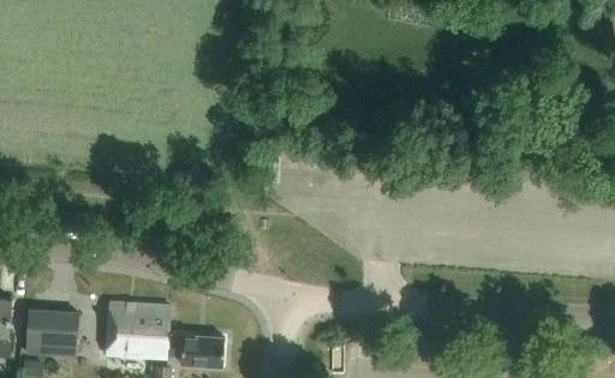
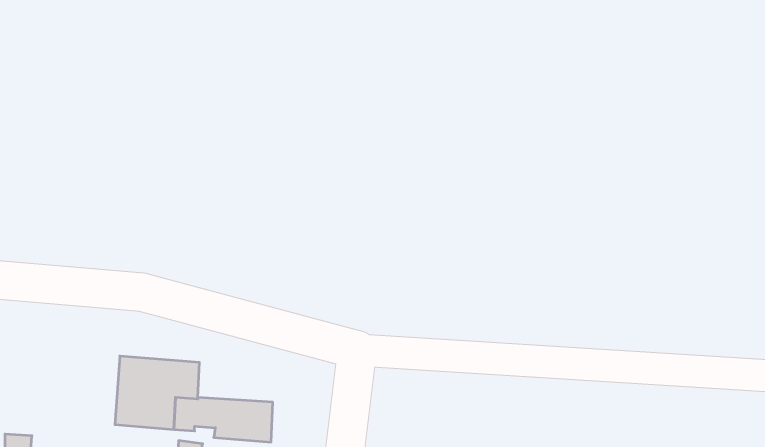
building: [25,308,77,358] -> none

